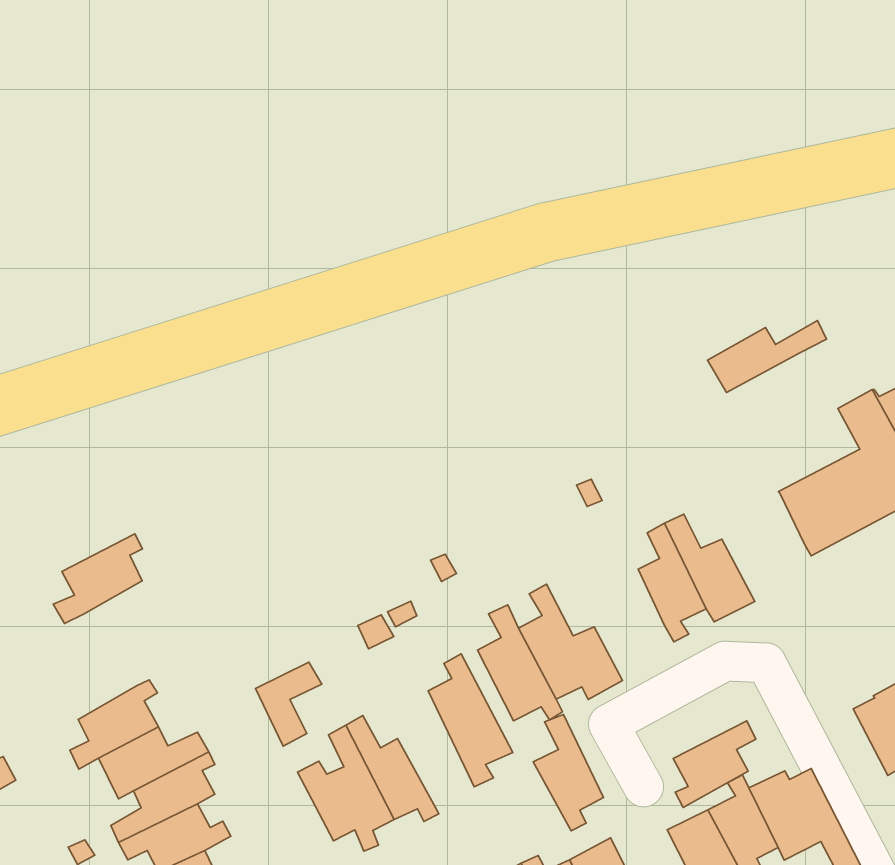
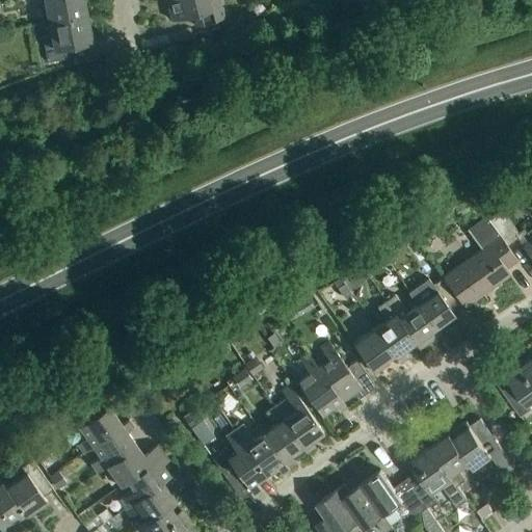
building: [708,320,826,392] -> none
building: none -> [417,277,460,336]
building: [53,534,143,623] -> [77,401,122,453]
building: none -> [353,327,393,373]
building: [533,714,604,831] -> [262,406,301,467]
building: [673,721,756,807] -> none

